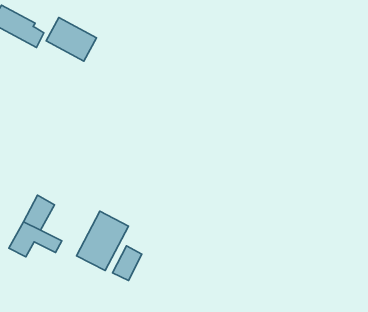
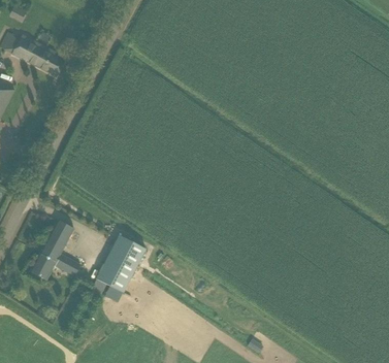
building: [46,17,96,61] -> none
building: [112,246,142,280] -> none

